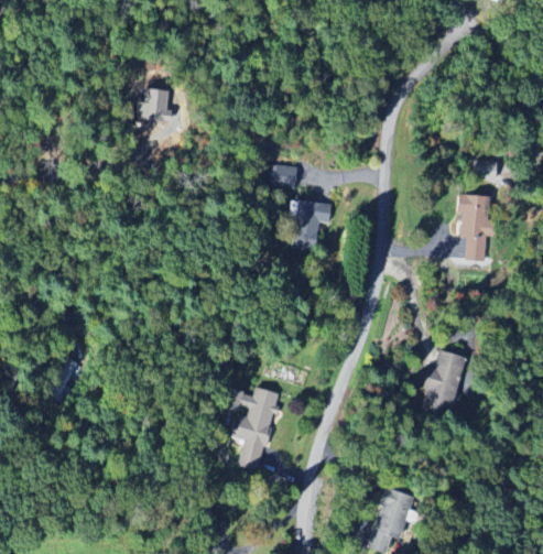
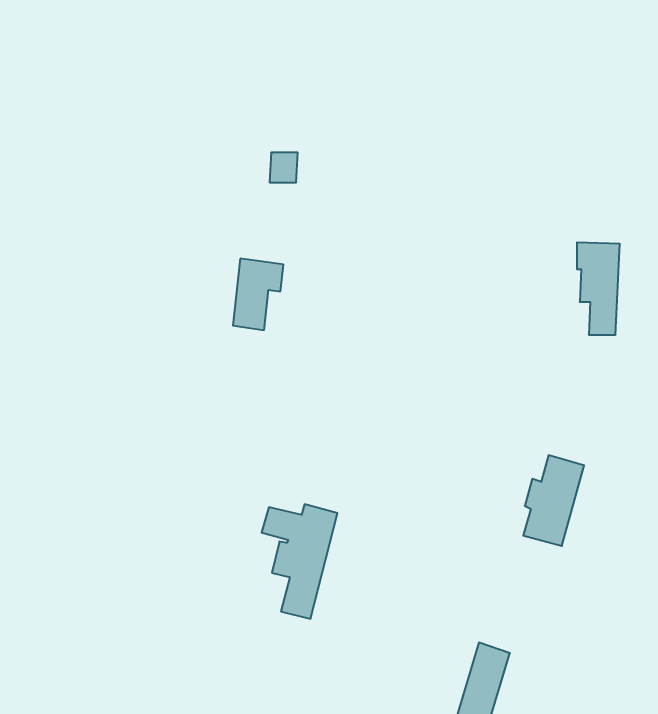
building: [137,88,170,118] -> none
building: [276,164,297,186] -> [270,153,298,182]
building: [294,198,332,251] -> [233,259,283,330]

